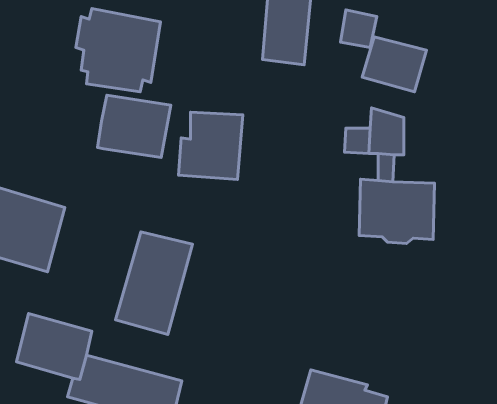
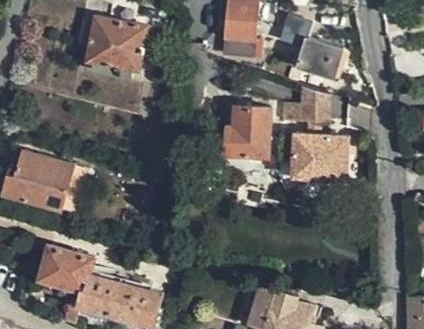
building: [97,95,171,157] -> none
building: [178,112,243,179] -> [224,107,272,157]
building: [115,232,192,334] -> none

